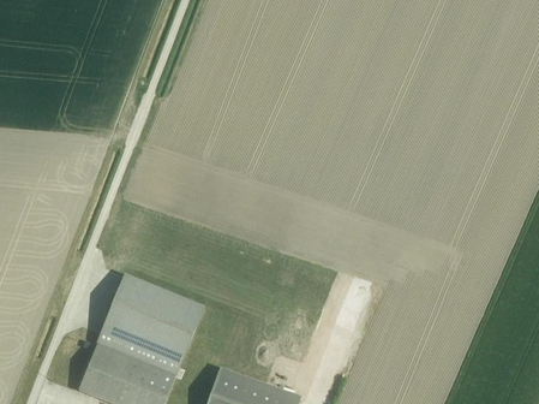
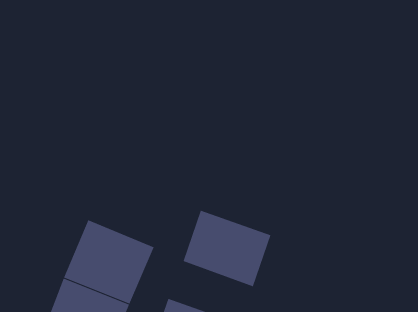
building: none -> [183,210,271,287]

